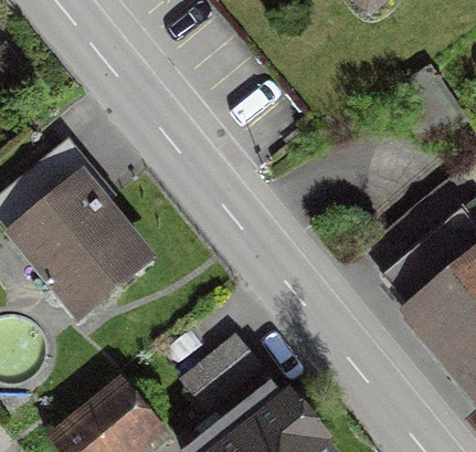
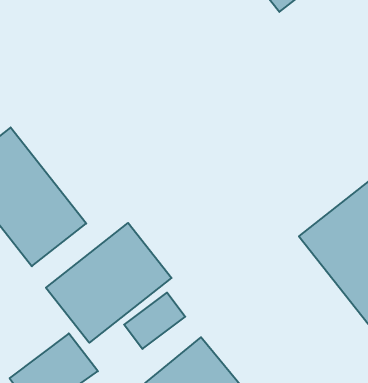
building: none -> [46,223,172,343]

